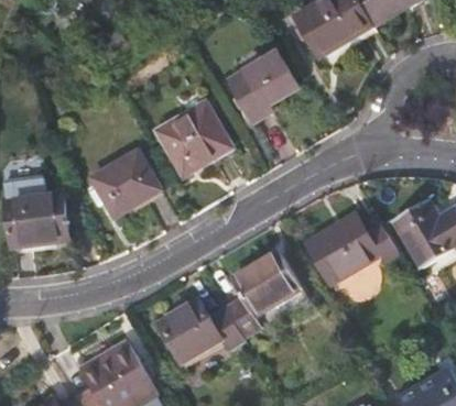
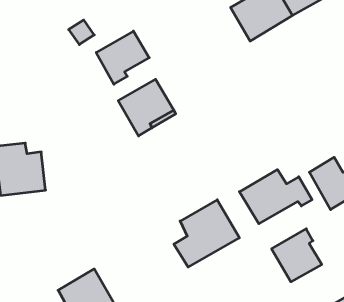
building: [232,56,298,122] -> [96,31,149,84]
building: [91,153,159,217] -> none
building: none -> [272,229,322,282]
building: [159,301,245,364] -> none

